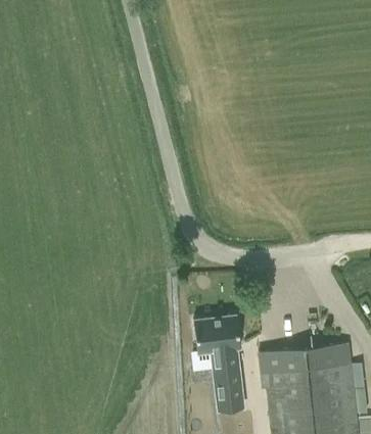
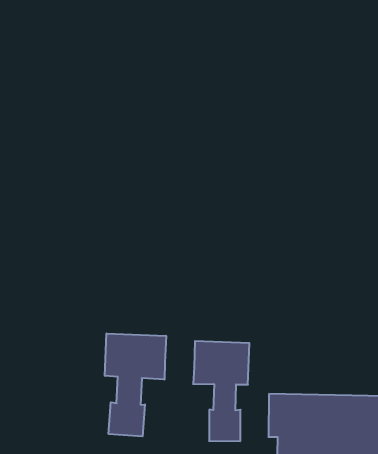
building: none -> [105,333,166,436]

